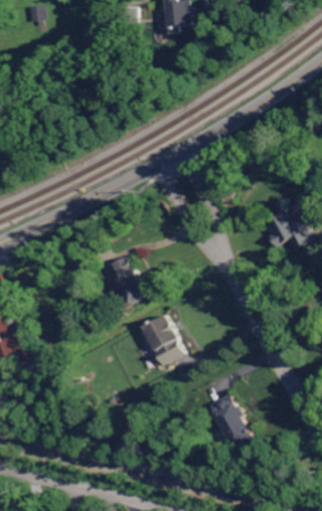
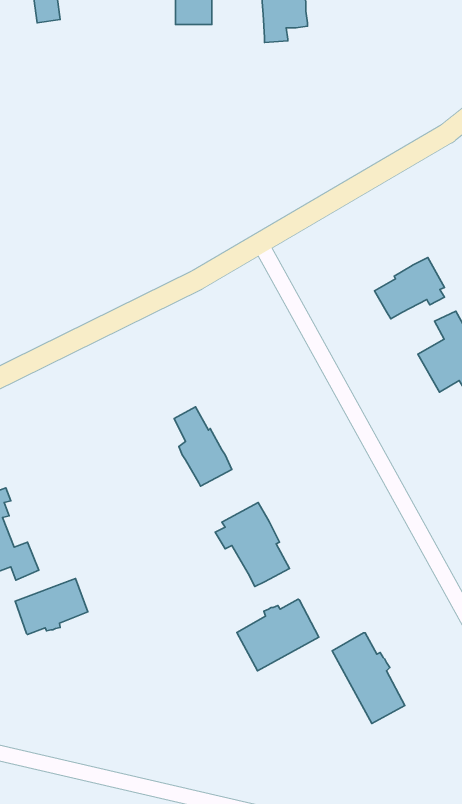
building: none -> [375,257,445,319]
building: none -> [15,579,88,635]
building: none -> [237,599,319,671]

